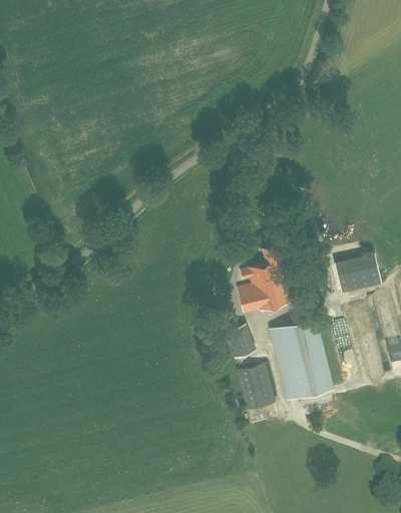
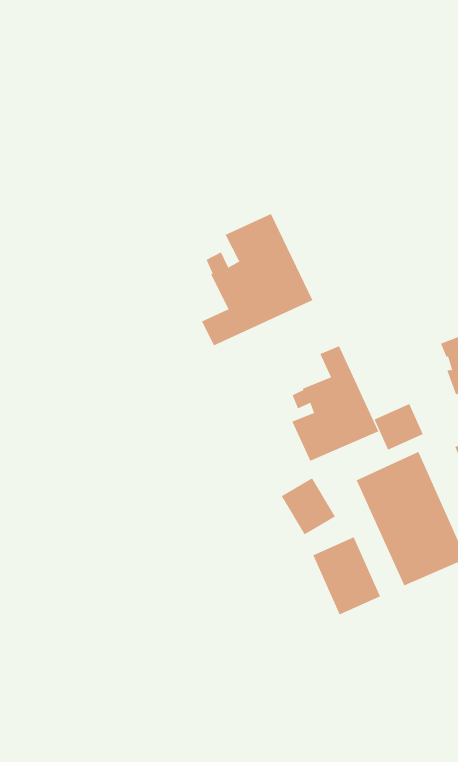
building: none -> [201,213,313,346]
building: none -> [374,403,424,450]

